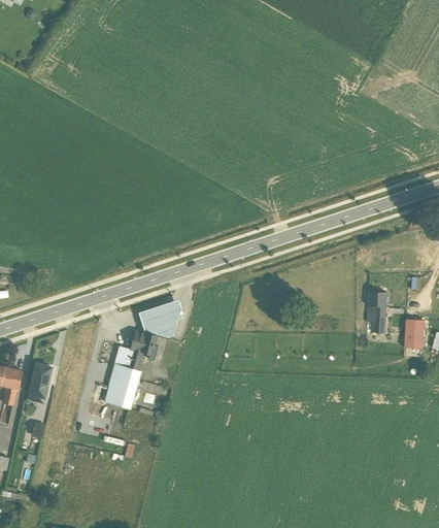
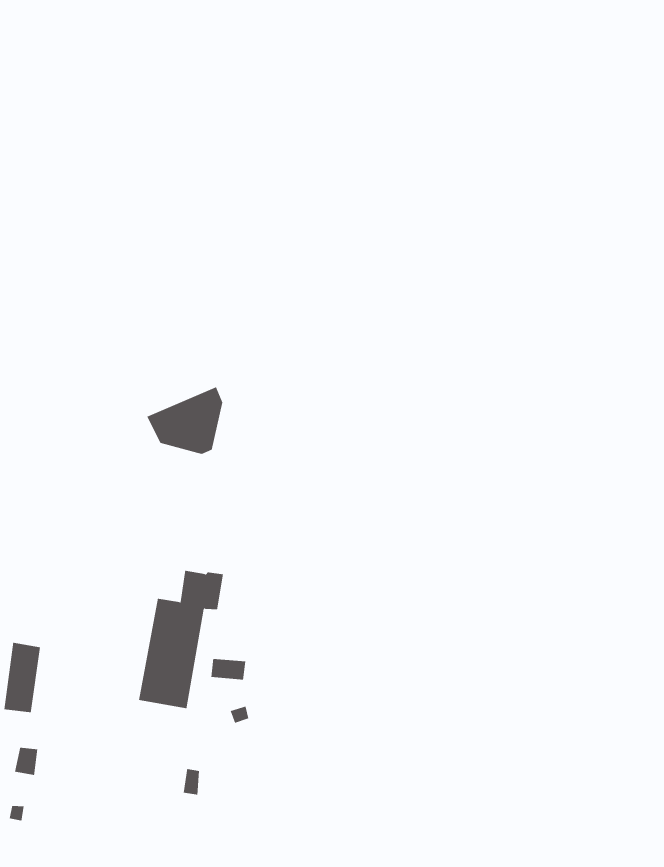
building: [366,292,386,333] -> none
building: [137,297,180,334] -> [147,386,223,454]

